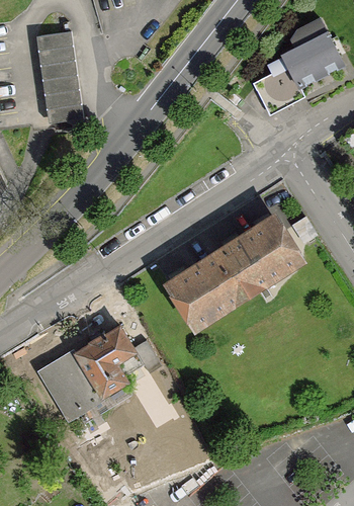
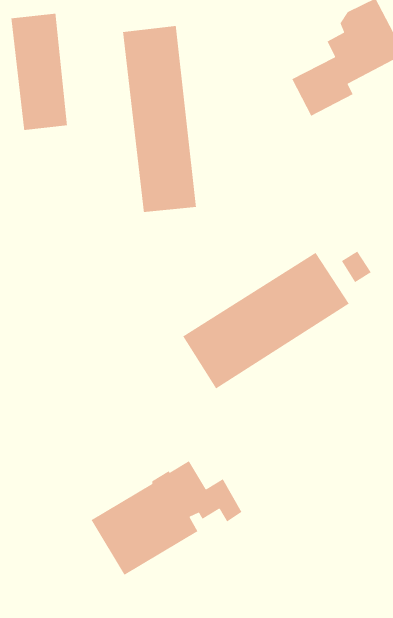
building: none -> [122,25,197,213]
building: [41,325,160,415] -> [91,460,243,576]

